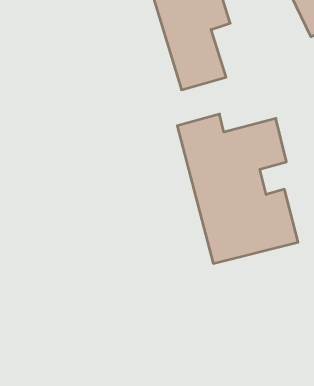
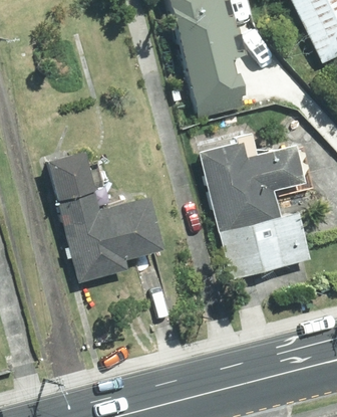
building: none -> [44,150,165,283]

